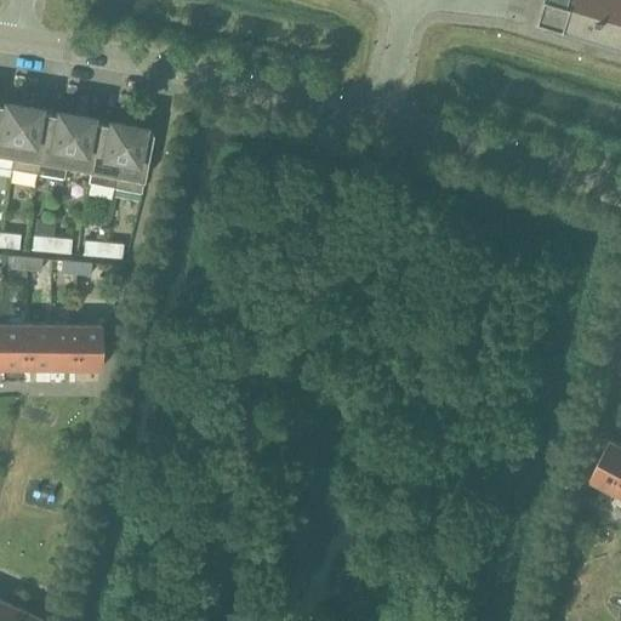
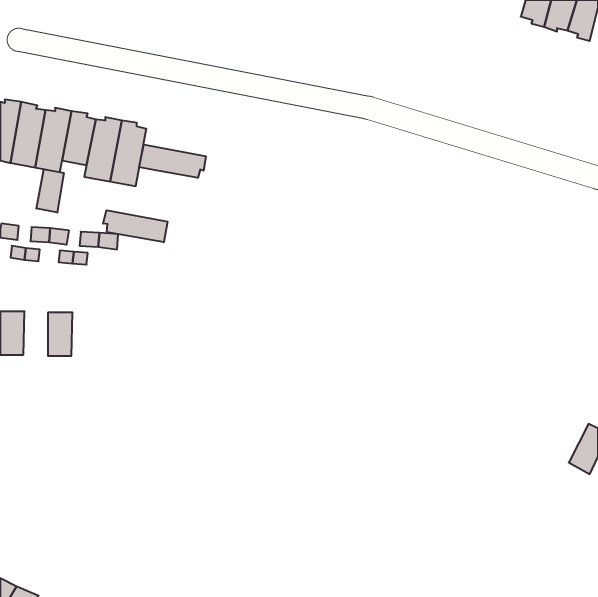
building: none -> [139,145,206,178]
building: none -> [36,169,64,213]
building: none -> [103,210,168,242]
building: [24,324,50,370] -> none
building: [74,325,101,370] -> none

